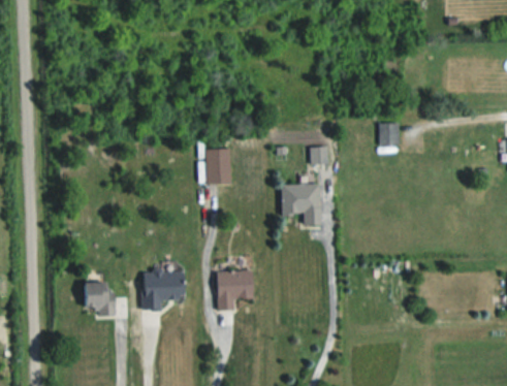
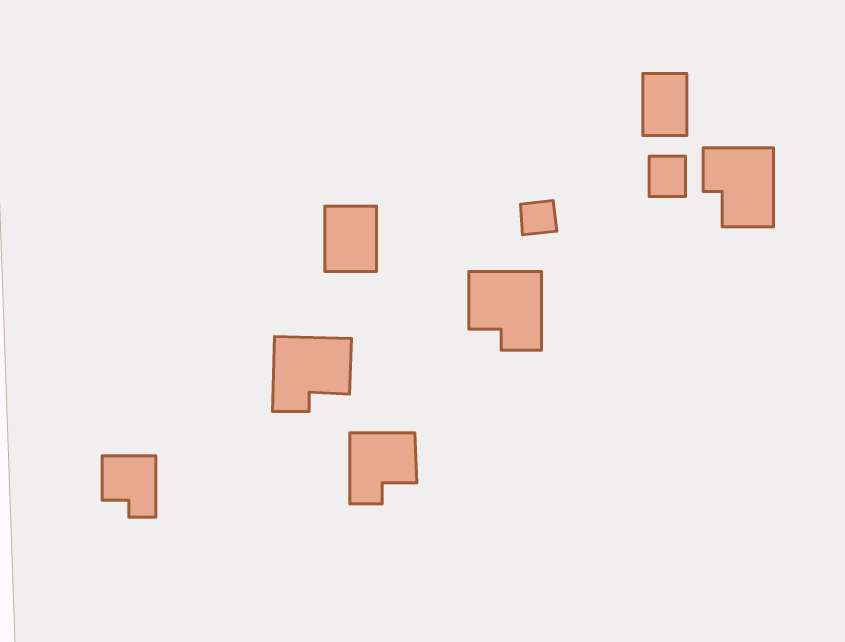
building: none -> [643,74,687,135]
building: none -> [703,148,774,227]
building: [142,269,185,310] -> [273,337,351,411]

